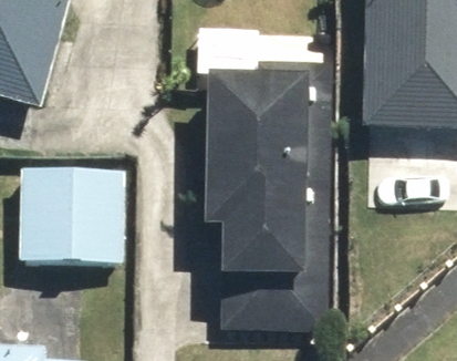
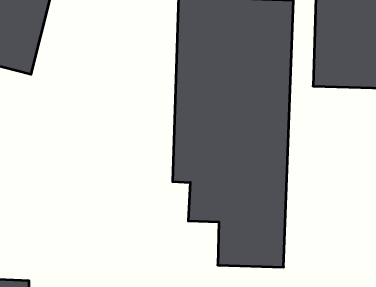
building: [19,164,127,261] -> none

